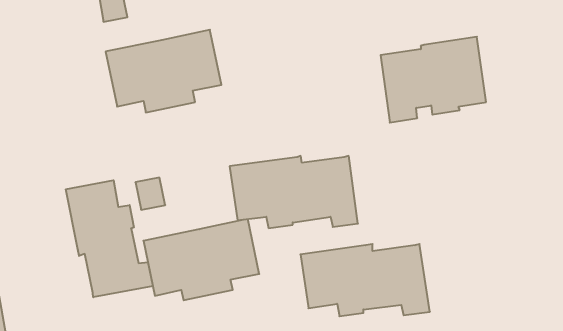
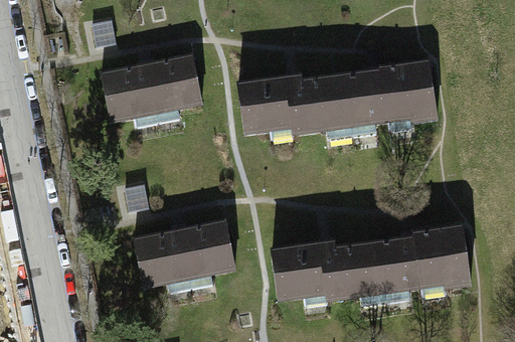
building: [230,156,358,228] -> [237,74,350,138]
building: [66,180,153,297] -> none
building: none -> [376,224,470,300]

